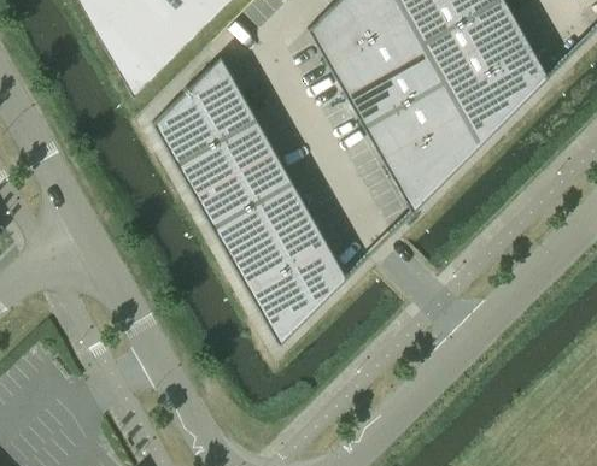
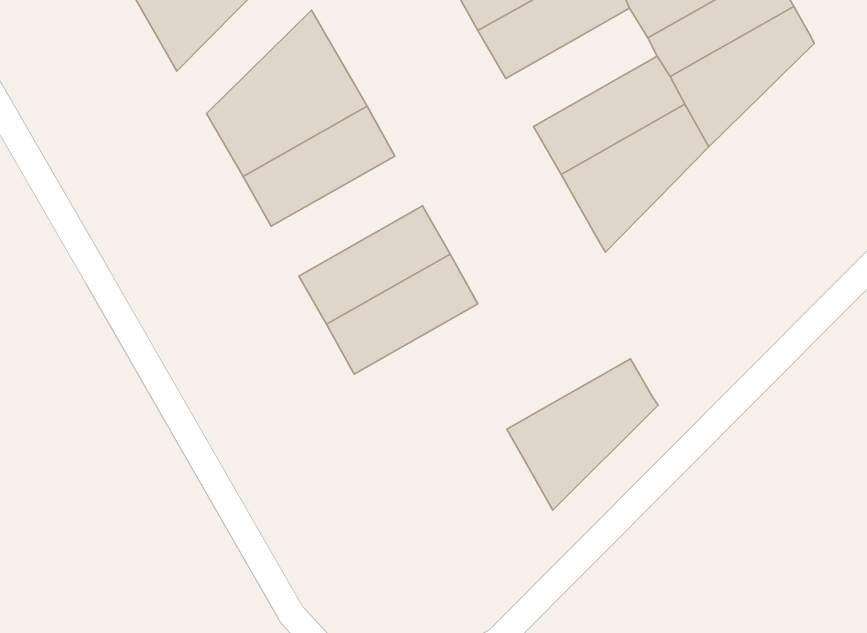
building: [347,54,446,131] -> none
building: [194,151,293,229] -> none
building: [248,247,347,346] -> [507,359,658,510]

